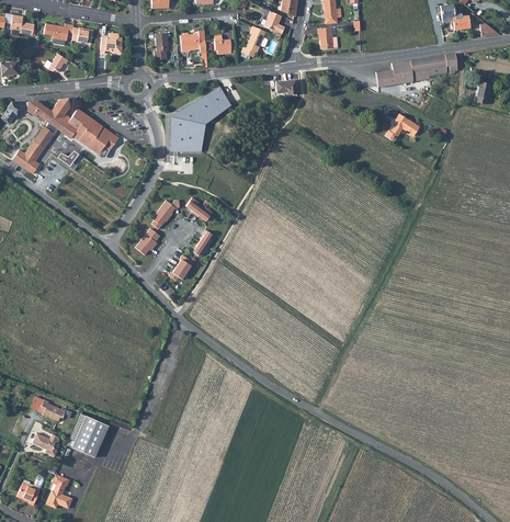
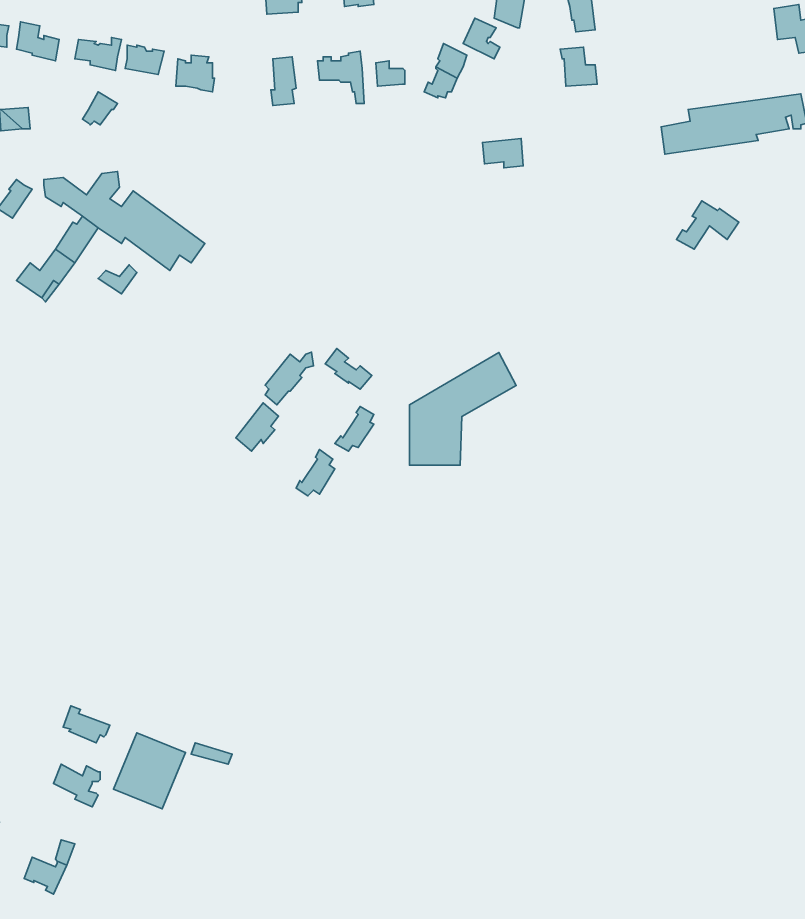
building: [168,87,228,150] -> [410,352,516,465]
building: [46,474,71,508] -> none

